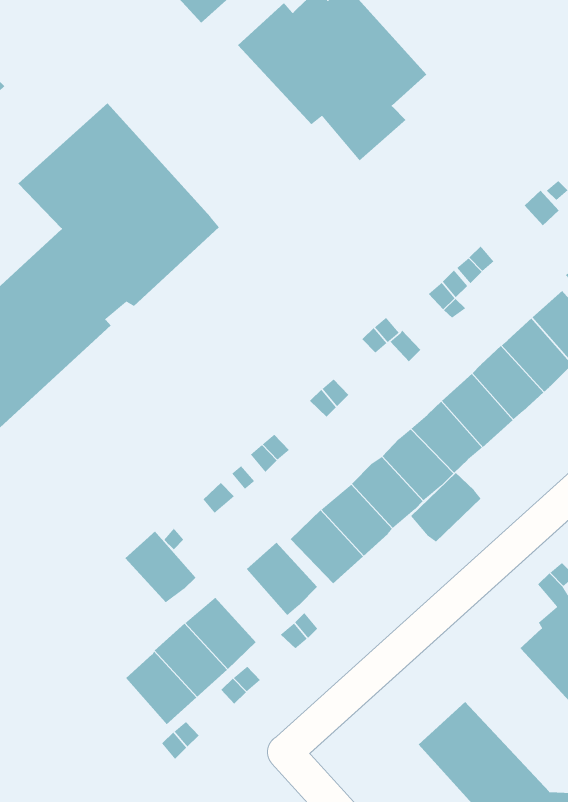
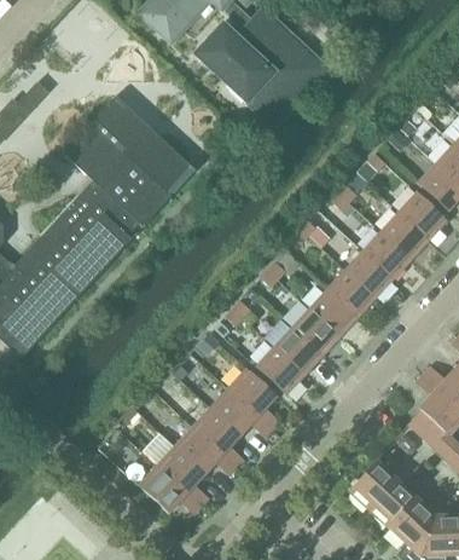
building: [410,472,482,542] -> none
building: [124,530,196,603] -> [211,388,258,434]
building: none -> [140,464,187,512]

